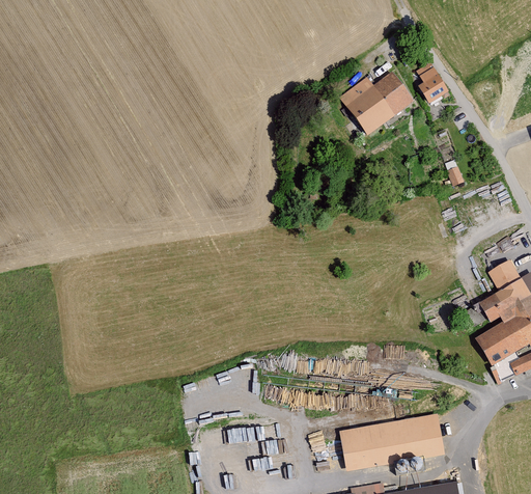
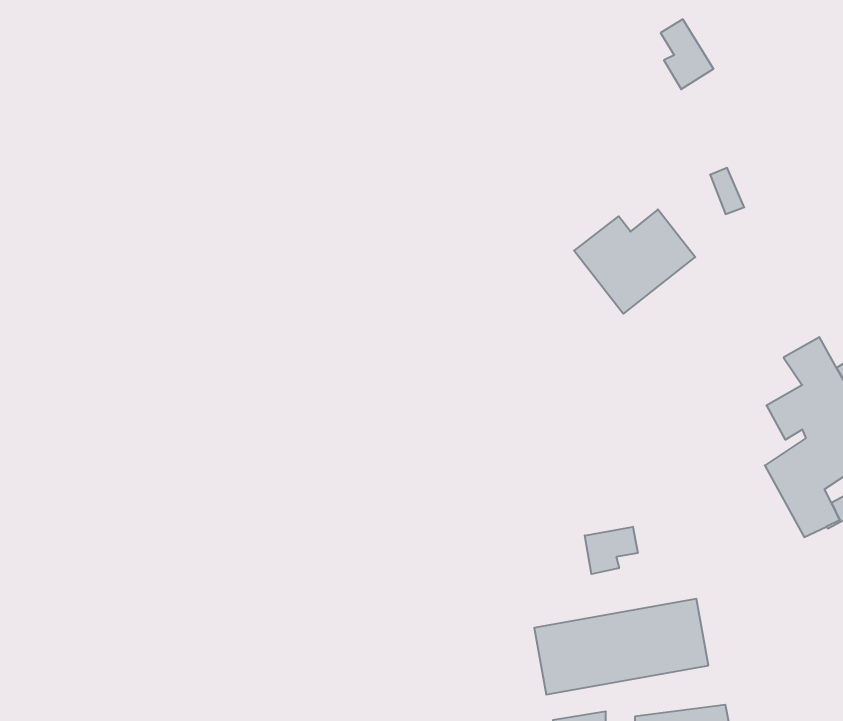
building: [339,74,413,137] -> [574,209,695,314]
building: none -> [585,527,638,574]

